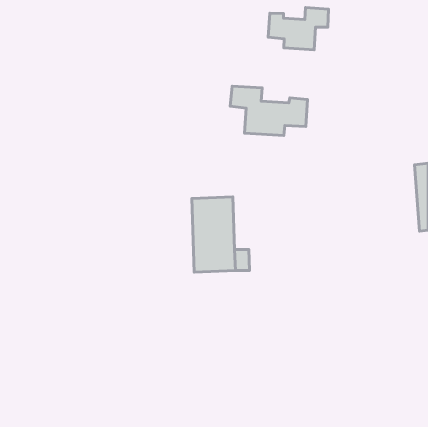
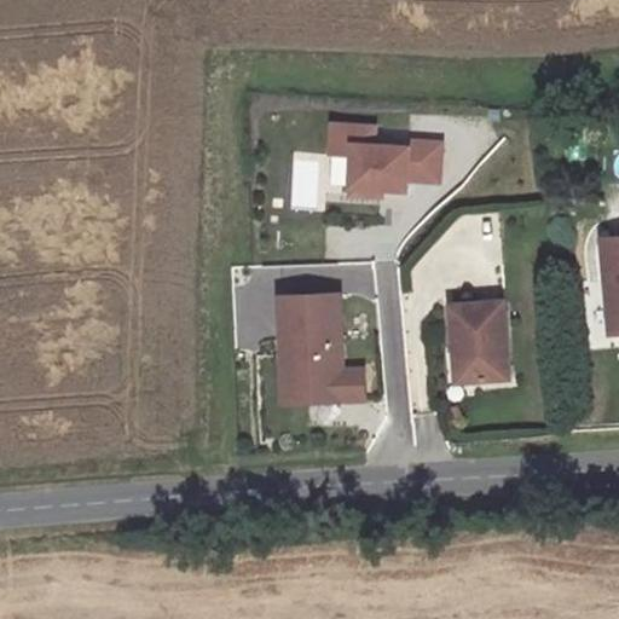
building: [268,7,329,50] -> none
building: none -> [453,301,508,383]

